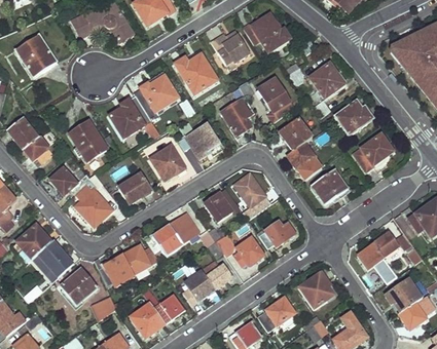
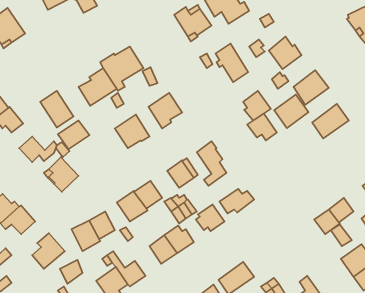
building: [175,52,218,93] -> none
building: [220,100,250,135] -> none
building: [311,169,347,204] -> [274,94,309,128]
building: [117,172,150,202] -> [58,120,89,149]
building: [298,272,333,309] -> none

